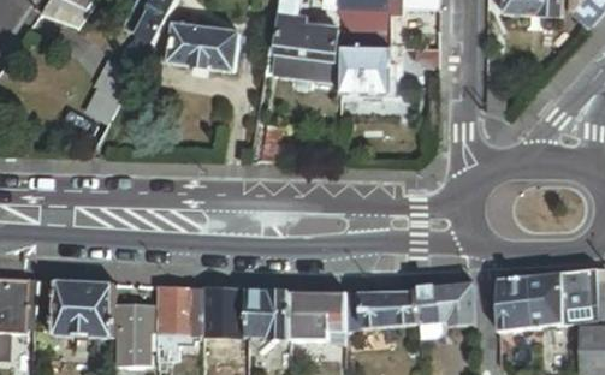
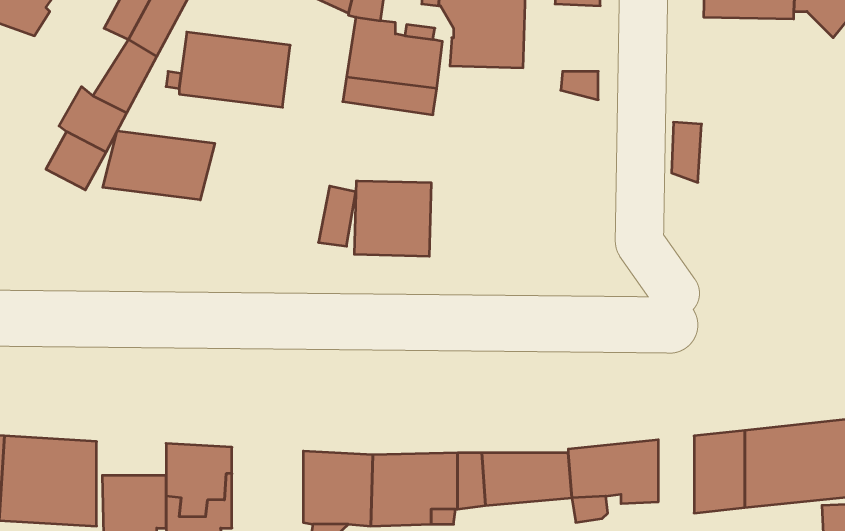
building: [339,44,388,93] -> [354,181,431,256]
building: none -> [103,131,215,200]
building: [203,288,248,337] -> none

